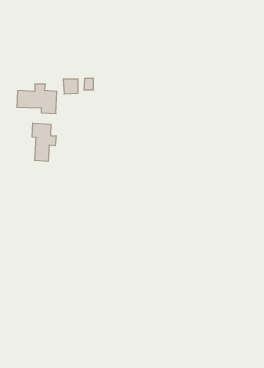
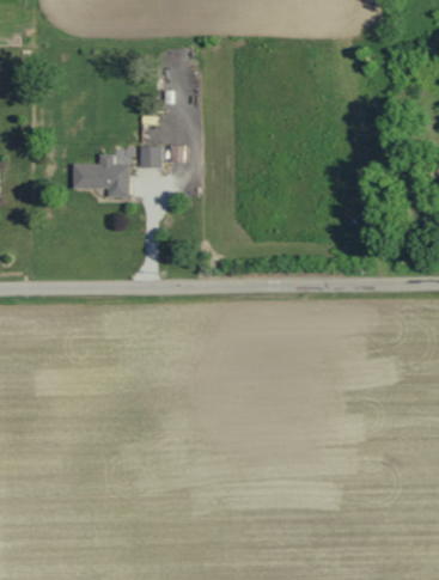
building: [32,123,56,161] -> none

